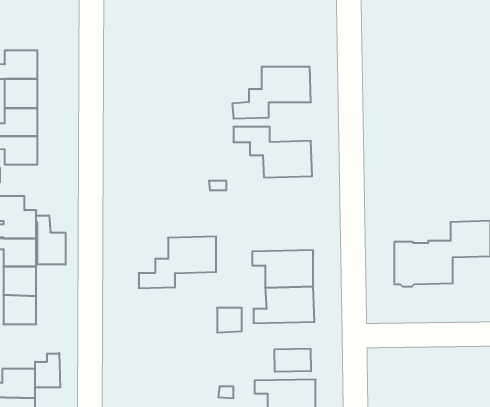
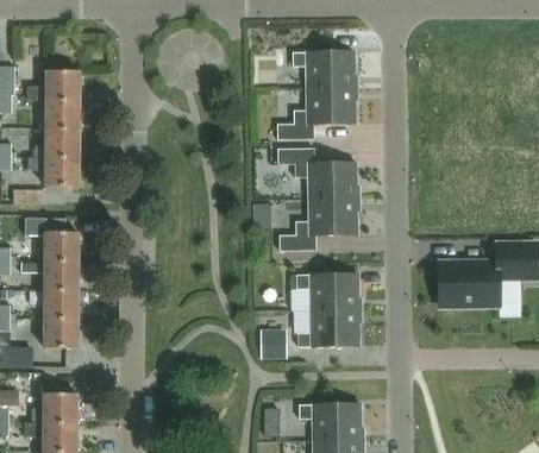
building: none -> [292,51,355,88]
building: [36,215,66,265] -> none
building: [139,237,216,288] -> [278,199,357,251]
building: [275,349,311,372] -> none
building: [35,353,60,387] -> none

